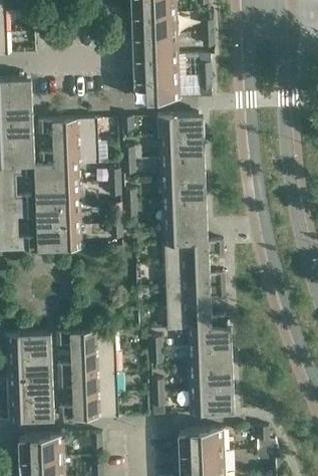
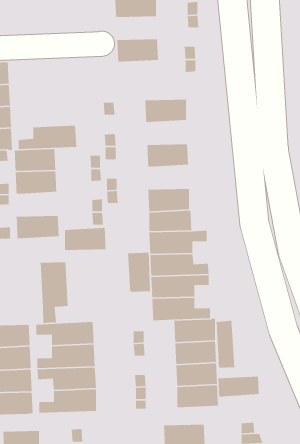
building: [133,36,175,58] -> none
building: [135,78,177,101] -> none
building: [38,120,95,143] -> none
building: [163,137,204,160] -> none
building: [165,180,206,203] -> none
building: [37,206,78,229] -> [64,227,107,251]
building: none -> [127,252,151,293]
building: none -> [40,261,69,324]
building: none -> [216,320,235,369]
building: none -> [218,376,260,397]

